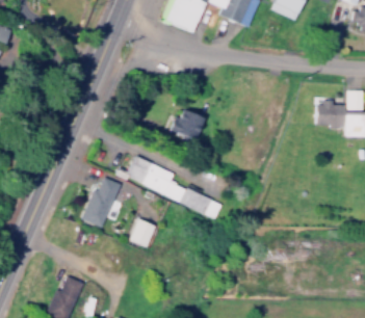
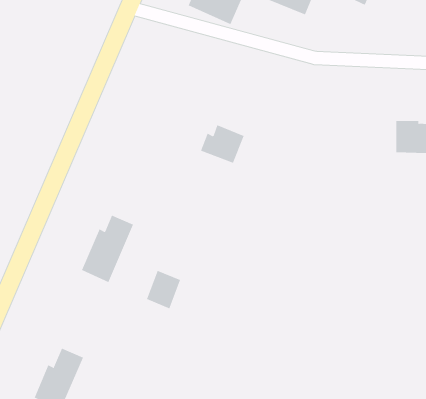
building: [116,155,223,219] -> none

